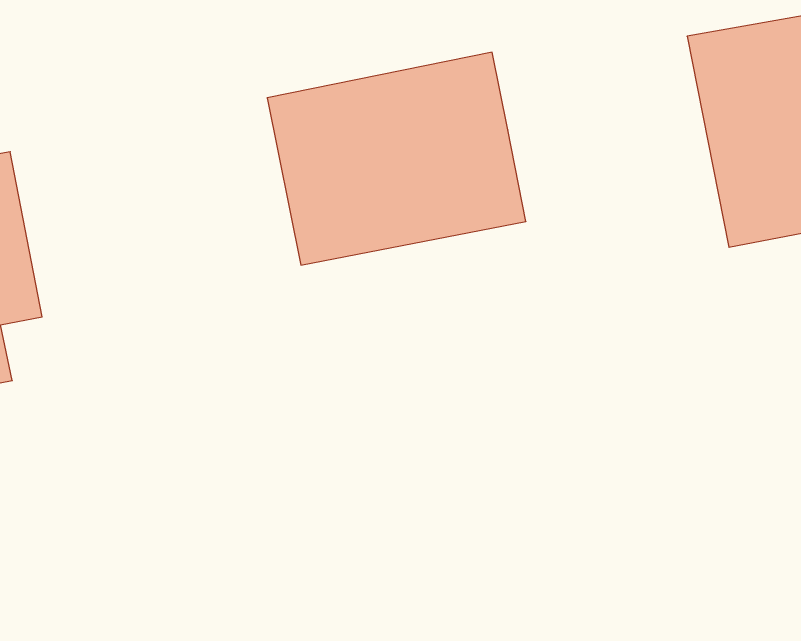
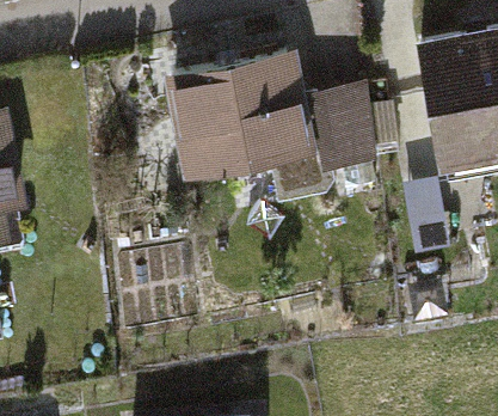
building: none -> [308,86,380,173]

